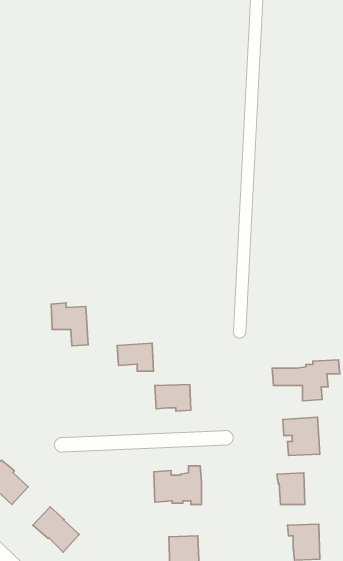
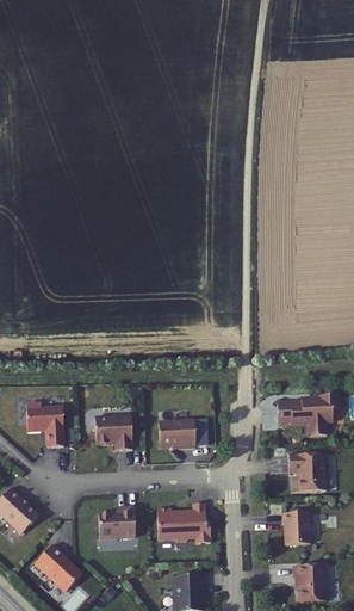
building: [51,303,88,346] -> [27,401,66,445]
building: [117,343,153,371] -> [97,420,133,449]
building: none -> [99,505,136,537]

